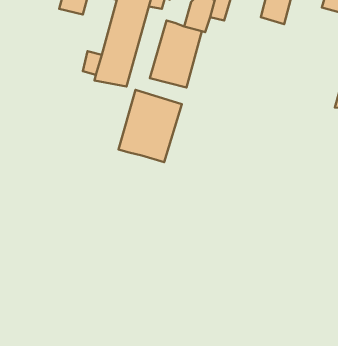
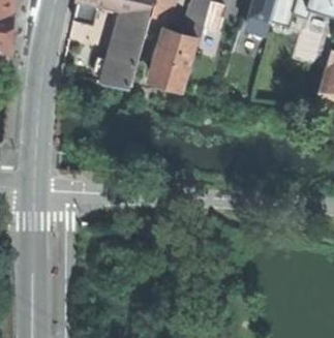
building: [118,90,182,162] -> none

